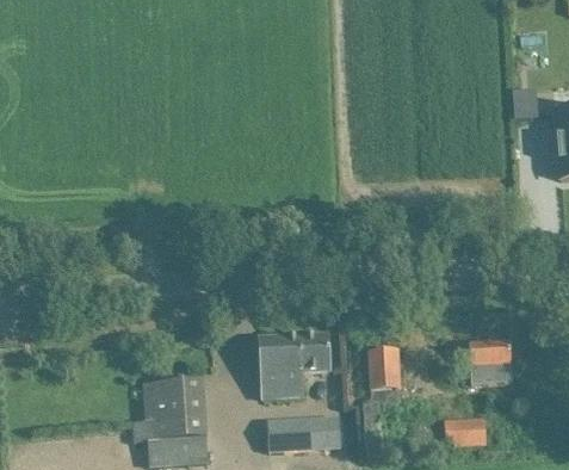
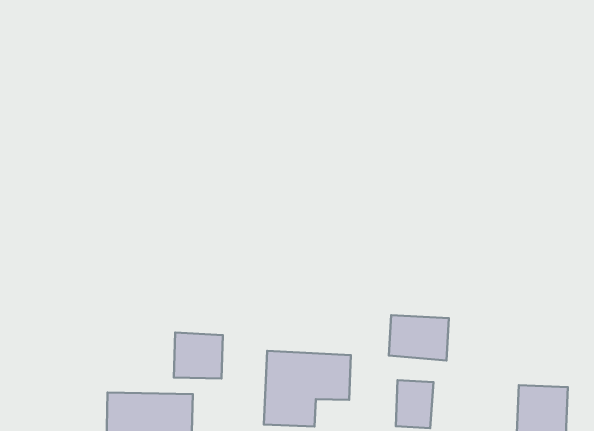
building: none -> [389,315,449,360]
building: none -> [174,333,223,378]

